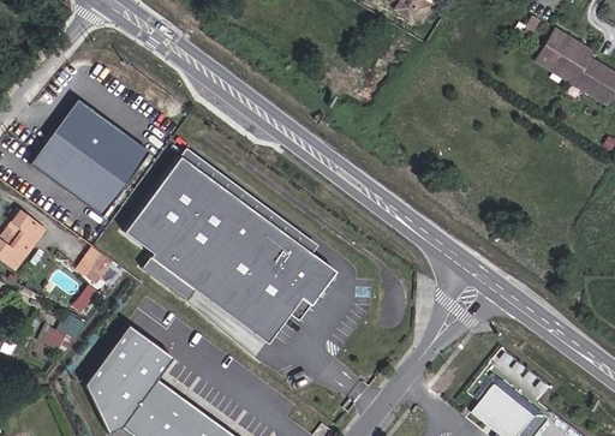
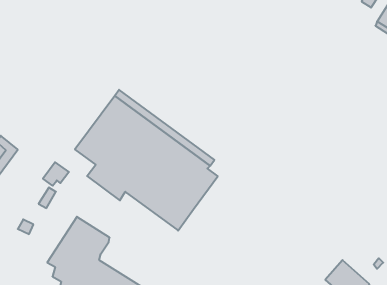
building: [29,100,149,217] -> none
building: [288,253,334,321] -> none

